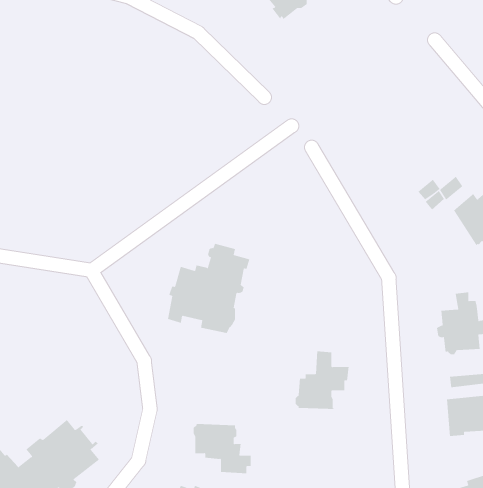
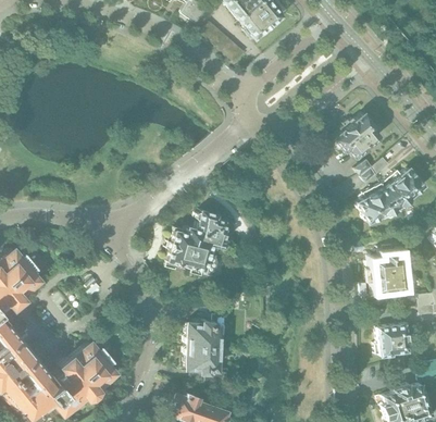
building: none -> [335,113,381,162]
building: none -> [359,184,401,223]
building: [295,351,349,410] -> [186,302,227,347]

